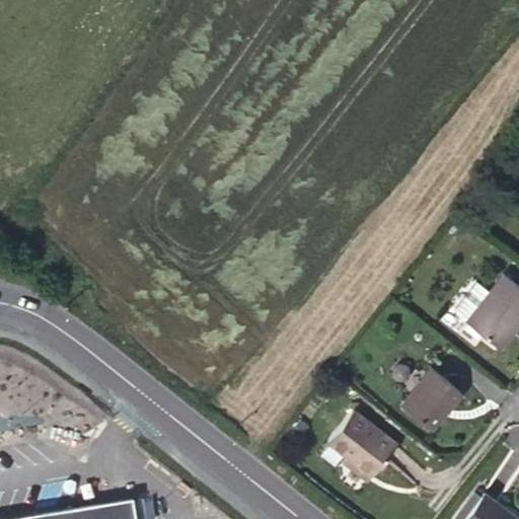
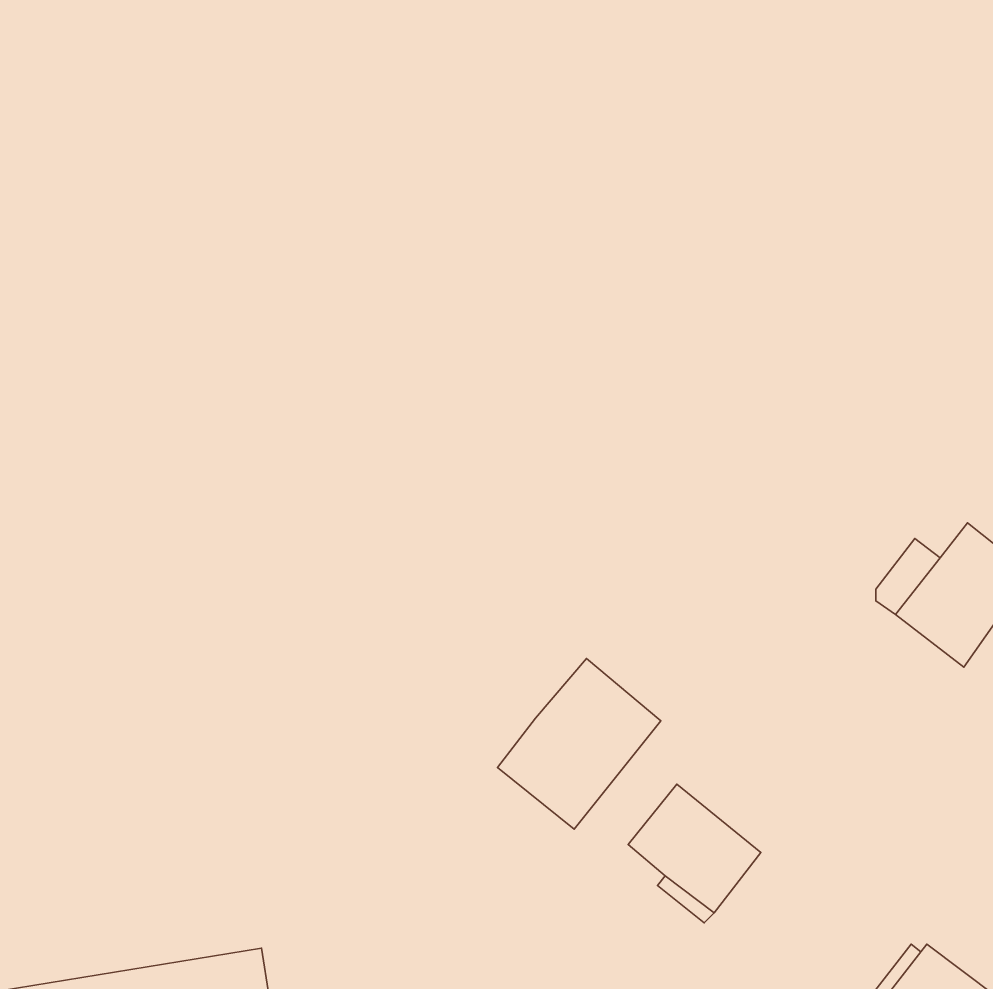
building: none -> [497,658,661,829]
building: [403,370,464,432] -> none

